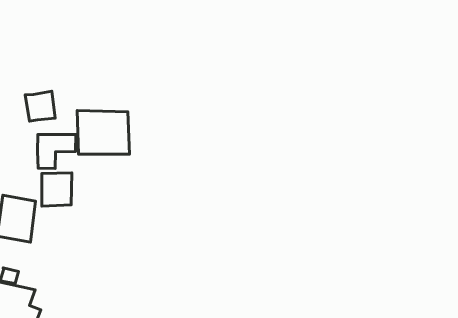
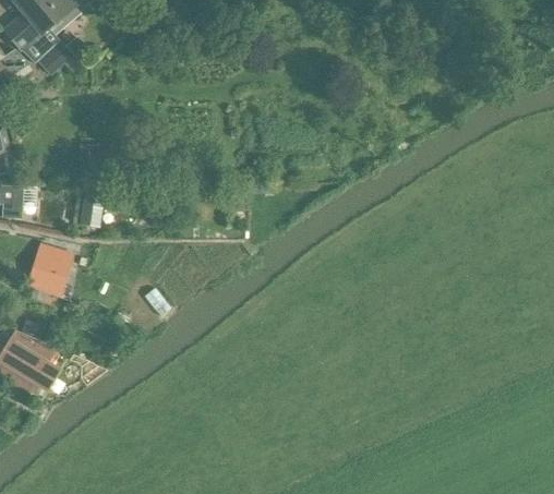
building: [77,111,130,154] -> none
building: [42,173,72,206] -> none

